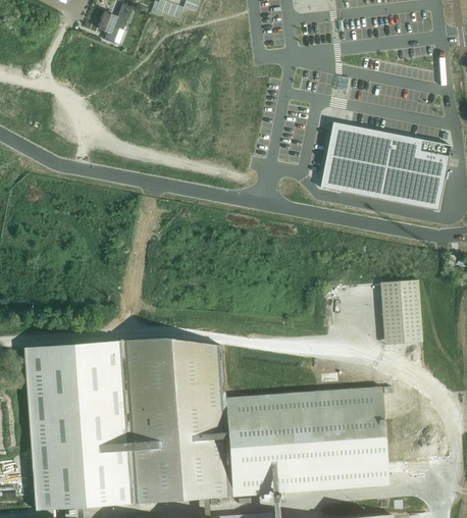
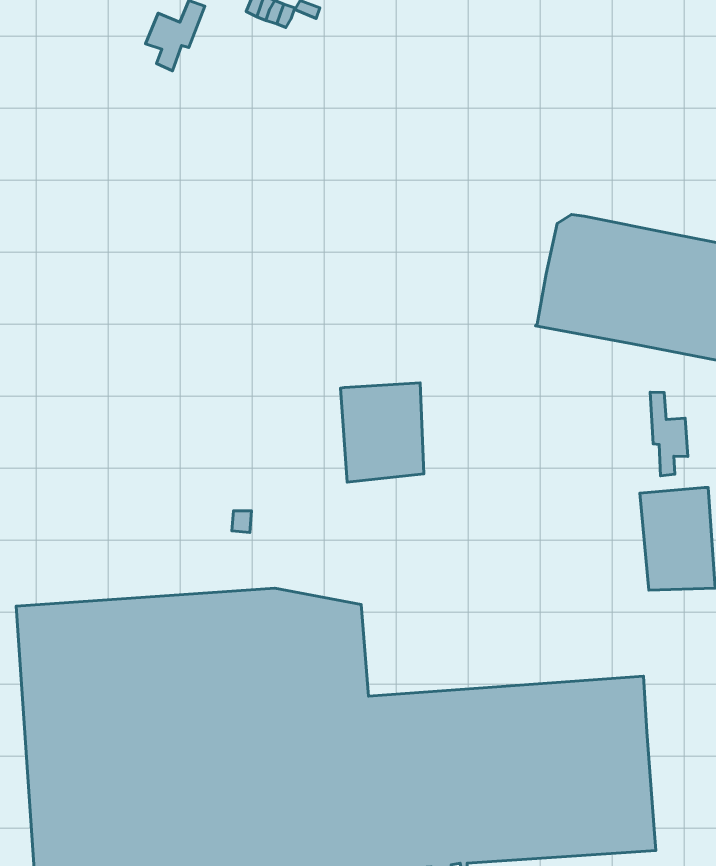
building: none -> [340,383,424,482]
building: none -> [650,392,688,476]

